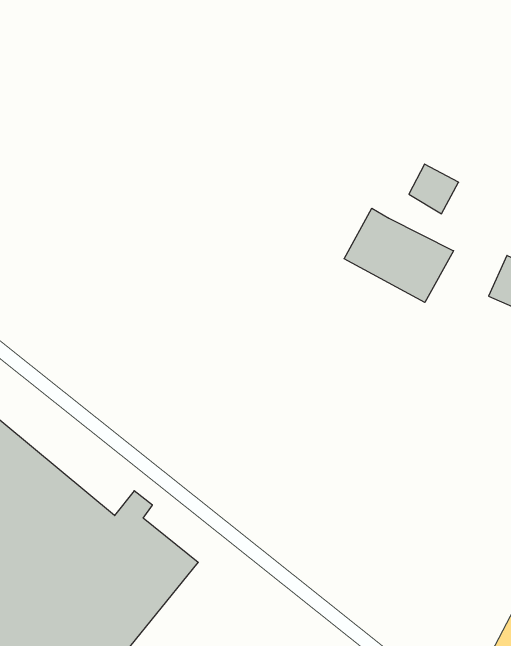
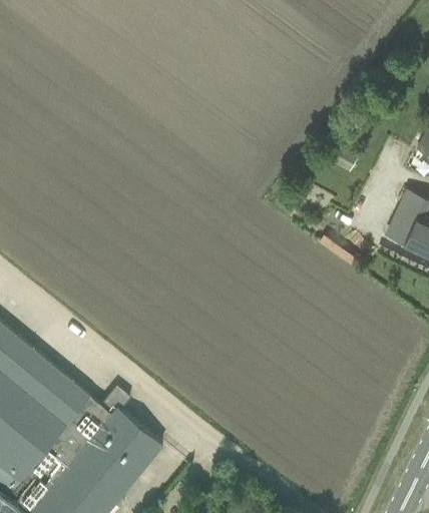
building: [344,208,454,302] -> none

